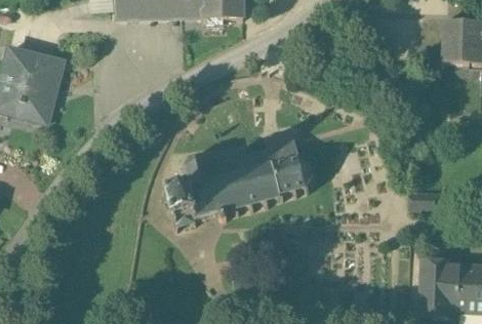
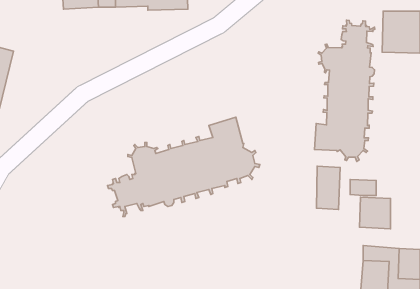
building: none -> [315,20,375,161]
building: none -> [316,166,340,210]
building: none -> [359,197,391,229]

